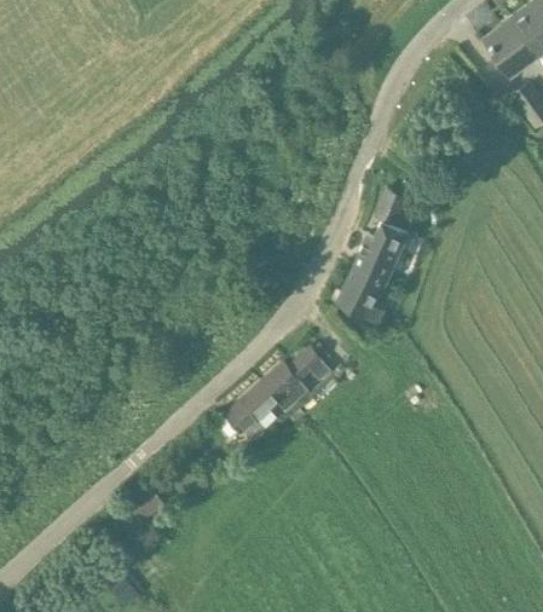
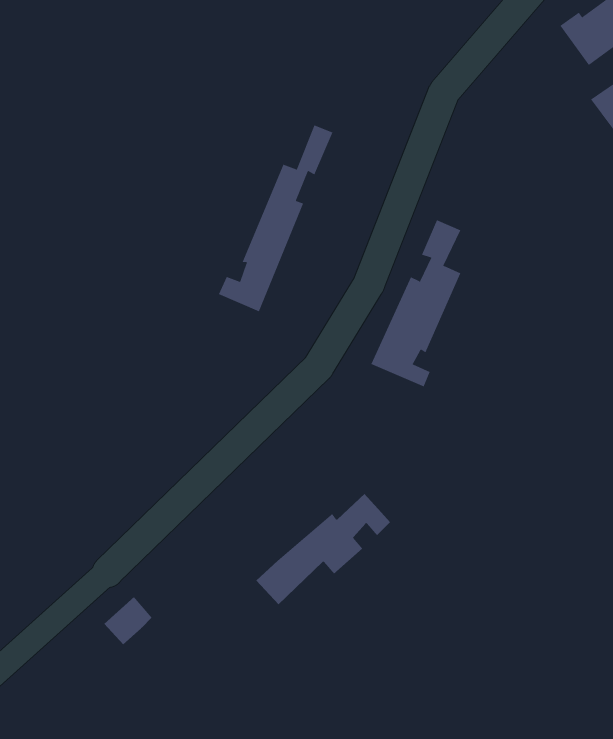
building: none -> [218,124,333,312]
building: [224,347,330,435] -> [256,493,391,605]

